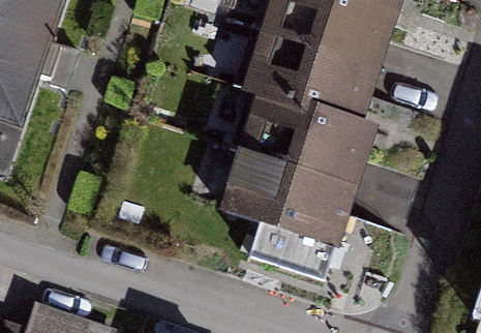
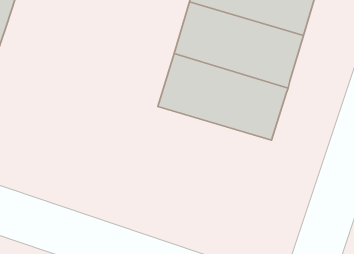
building: [203,148,350,246] -> none

